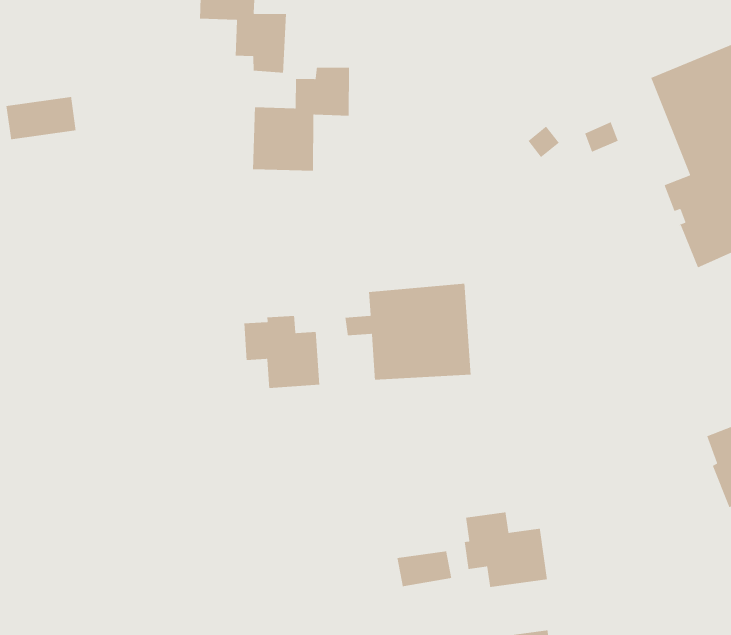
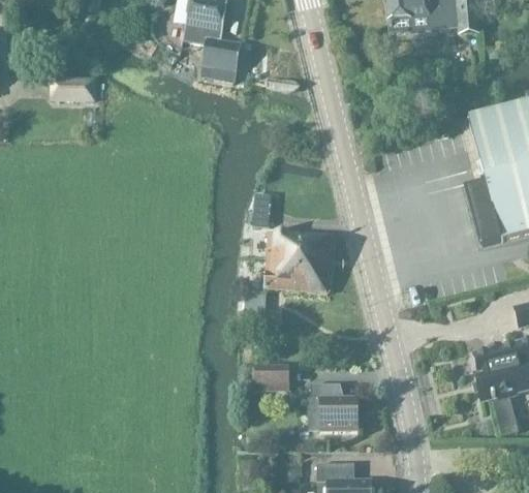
building: [252,67,350,172] -> none
building: [243,315,320,389] -> none
building: [396,550,452,587] -> [255,365,289,384]

